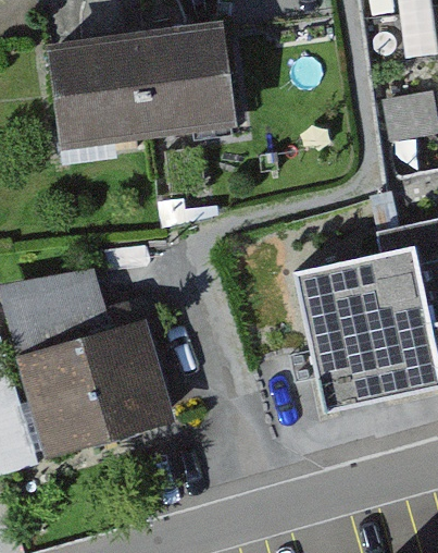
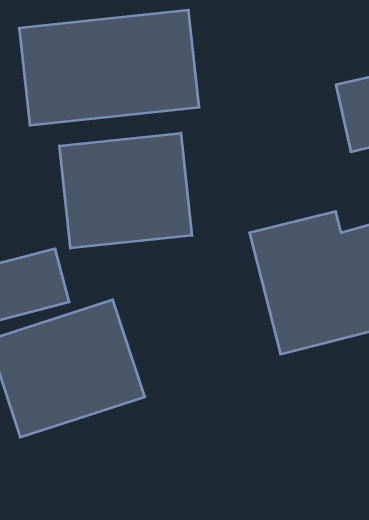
building: none -> [59,133,192,248]

